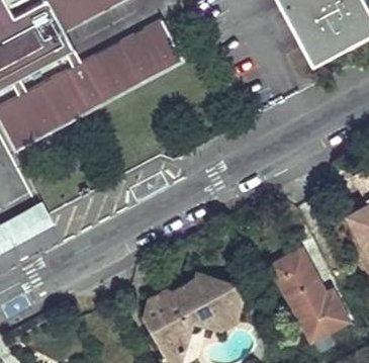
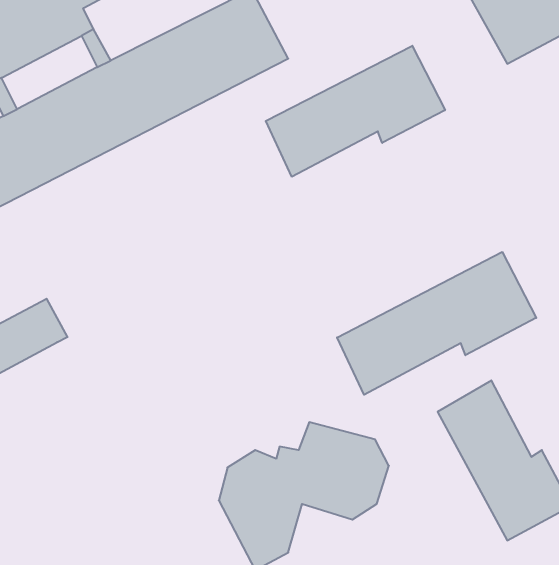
building: none -> [266,46,445,177]
building: none -> [337,252,536,395]

